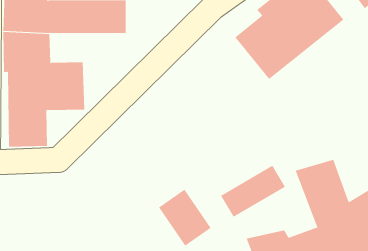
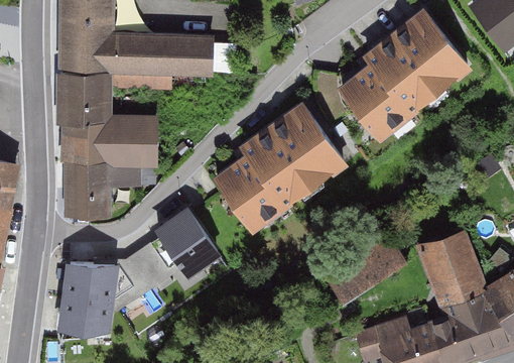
building: none -> [219,93,353,225]
building: none -> [62,264,122,341]
building: [158,189,212,246] -> [159,214,226,285]

